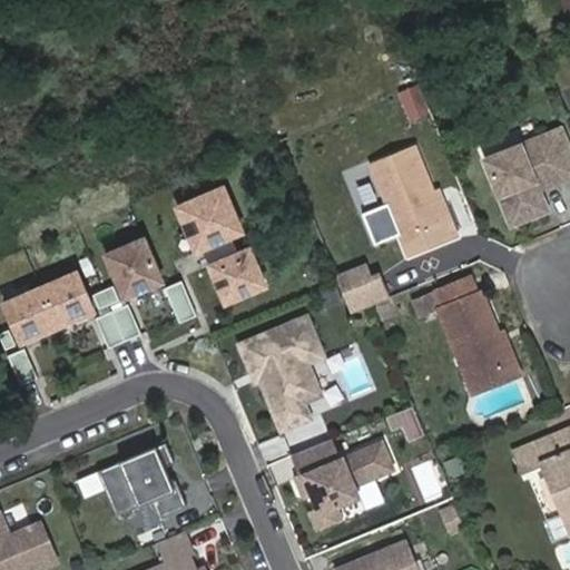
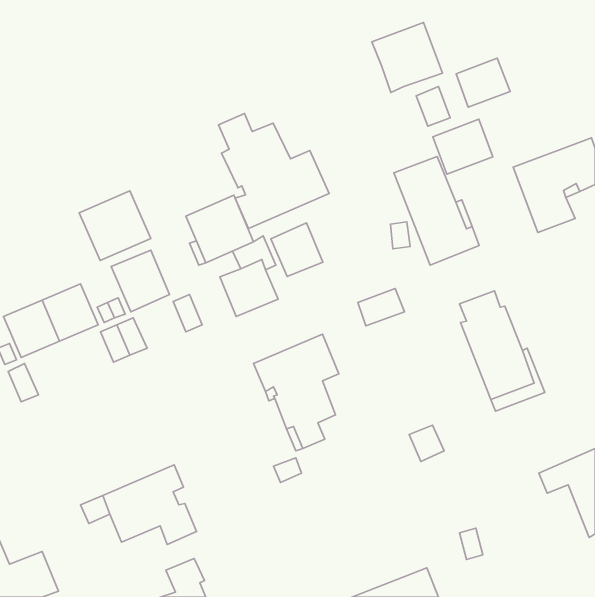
building: none -> [372,22,442,92]
building: none -> [456,58,510,107]
building: none -> [219,114,329,229]
building: none -> [433,119,493,174]
building: none -> [79,191,151,260]
building: none -> [271,223,323,276]
building: [293,440,393,529] -> none

